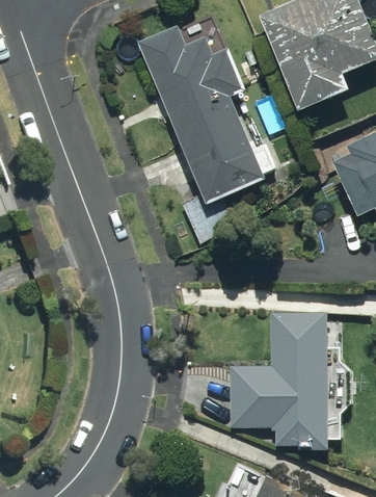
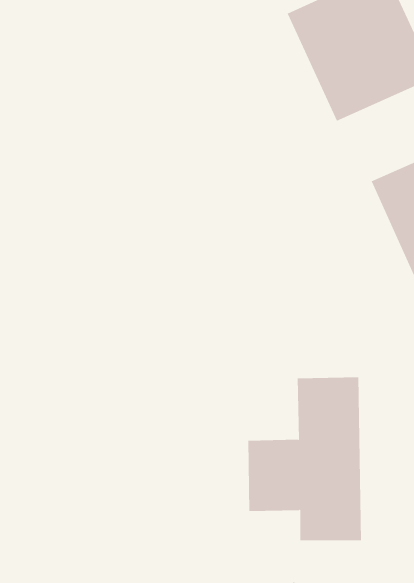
building: [141,21,265,204] -> none

